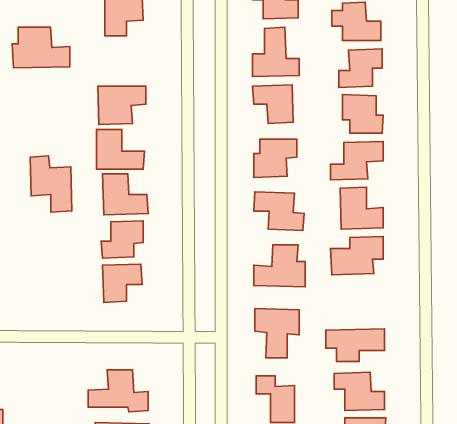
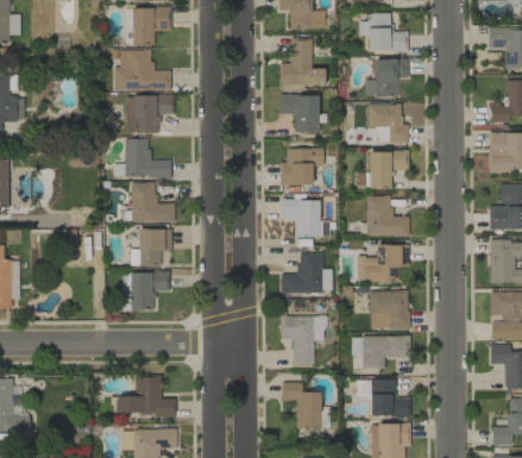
building: [12,27,70,68] -> [114,50,171,90]
building: [30,156,72,212] -> none
building: none -> [370,290,410,328]

